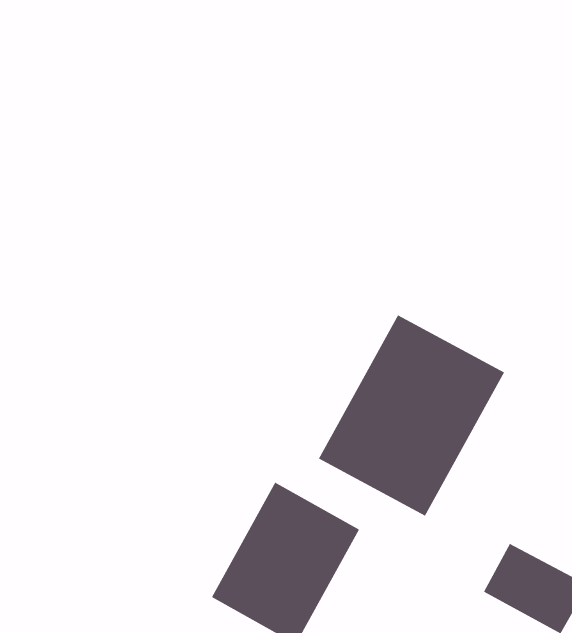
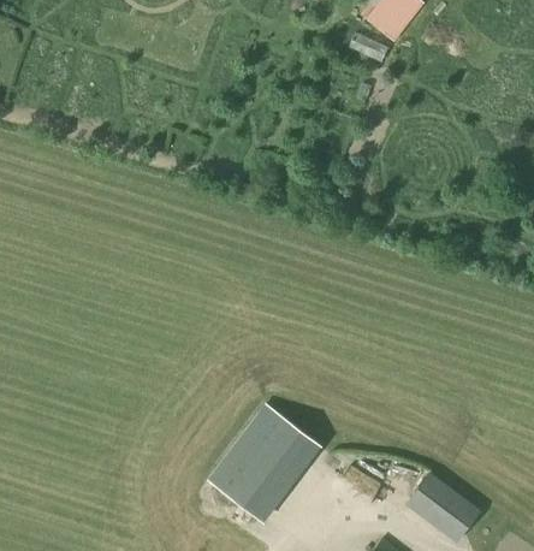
building: [318,315,505,516] -> none

